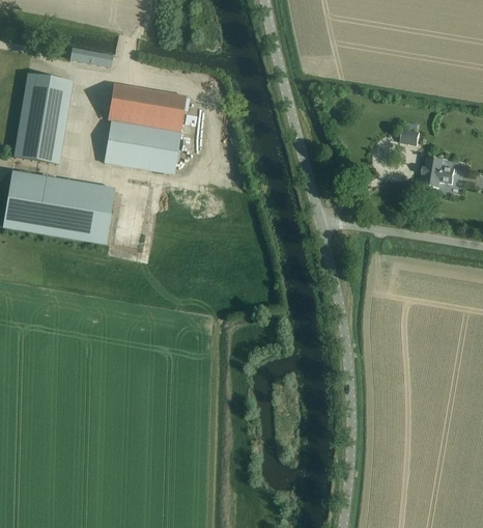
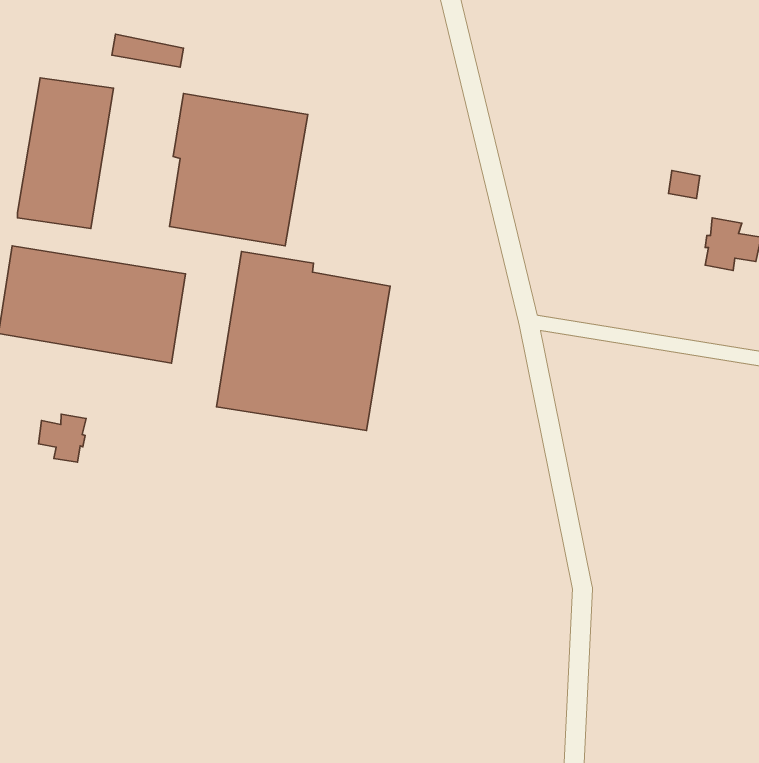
building: none -> [216,251,390,430]
building: none -> [38,414,86,462]

